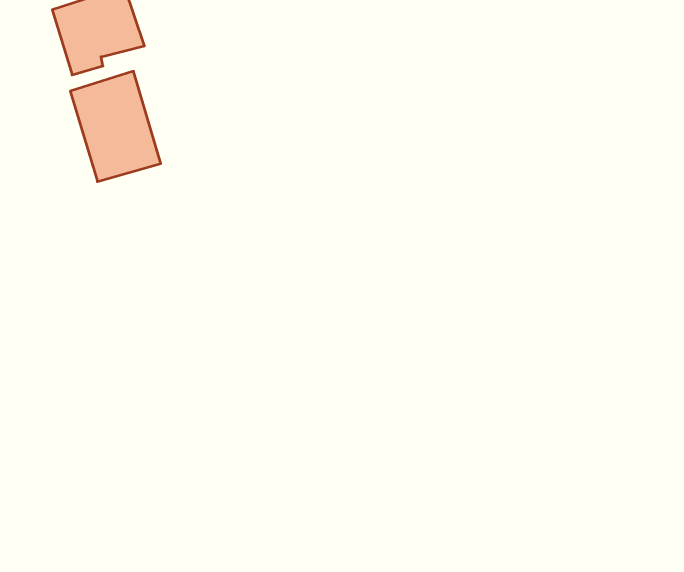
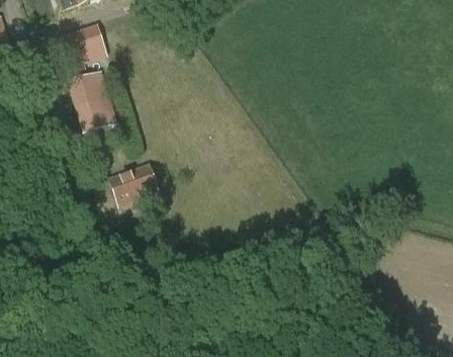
building: none -> [107,162,160,207]

